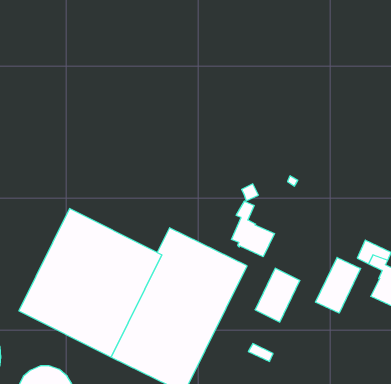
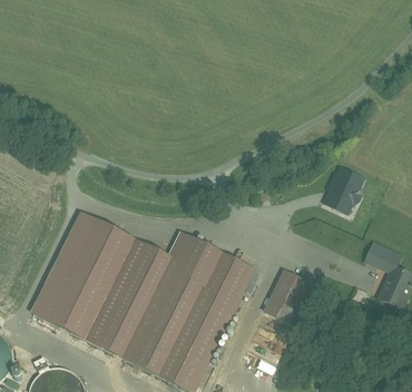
building: none -> [323,165,364,214]
building: [232,201,274,257] -> none
building: [316,257,361,313] -> none

